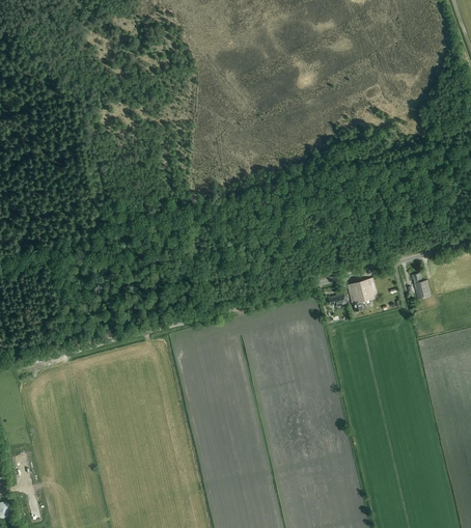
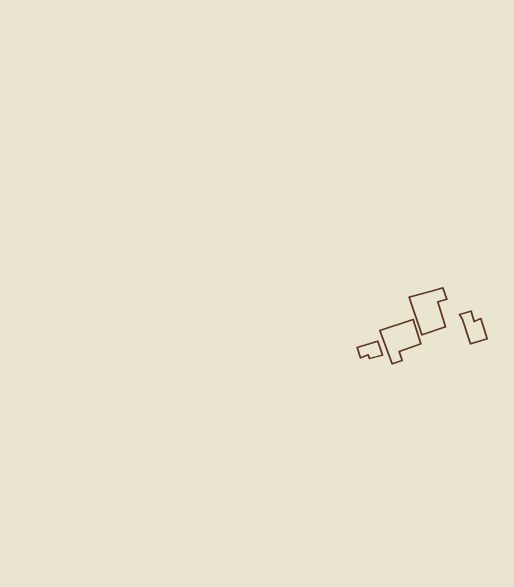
building: none -> [409,288,447,335]

